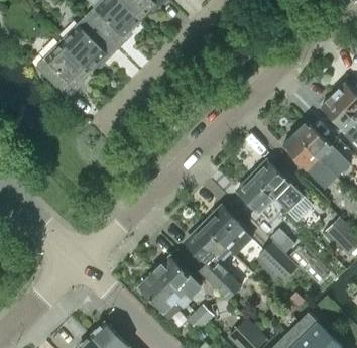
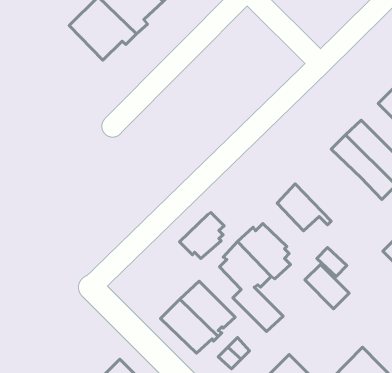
building: [35,42,90,100] -> none
building: [251,160,304,213] -> none
building: none -> [179,213,224,259]

